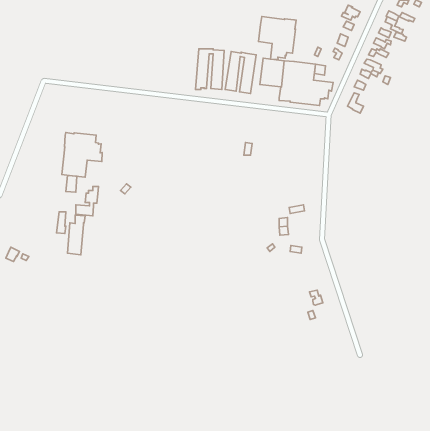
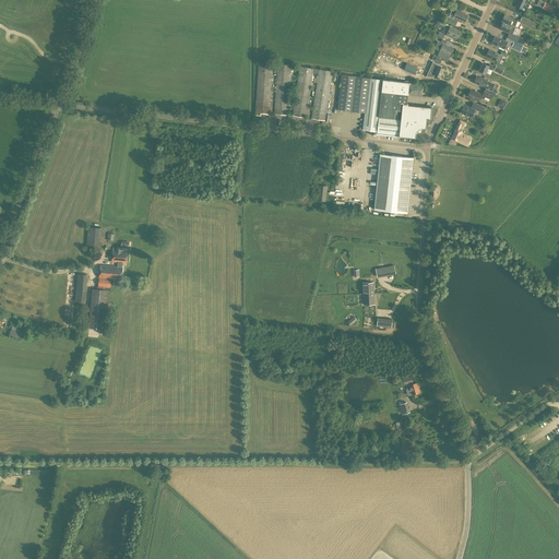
building: [258,16,296,59] -> none
building: none -> [372,154,412,213]
building: [62,132,102,177] -> none

